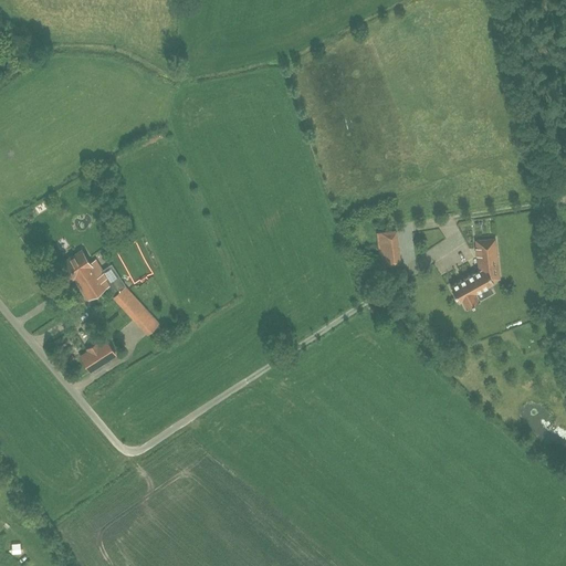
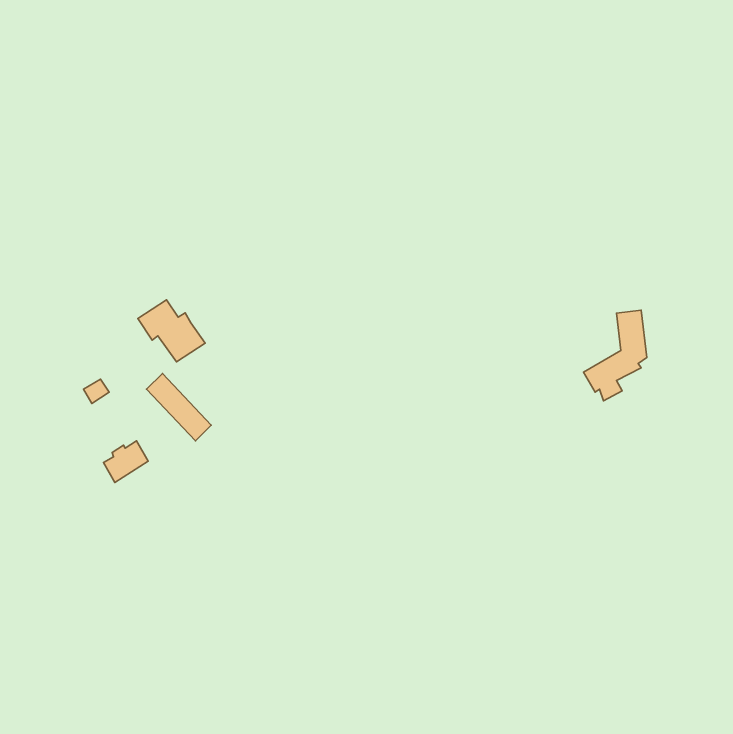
building: [375,230,401,268] -> none
building: [57,250,109,297] -> [138,300,205,362]

